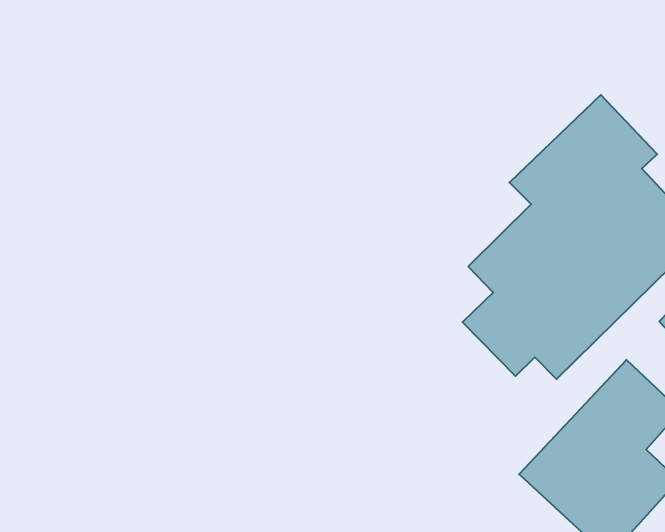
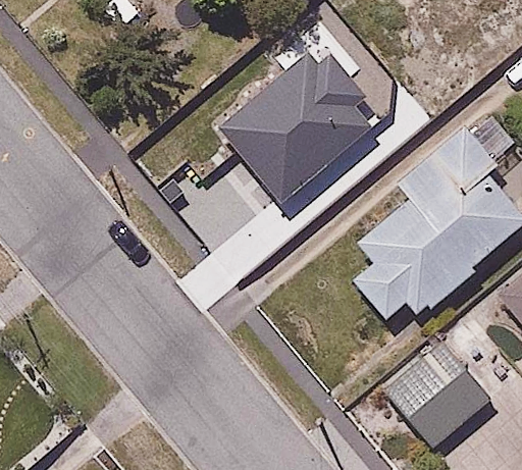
building: none -> [211,53,381,210]

